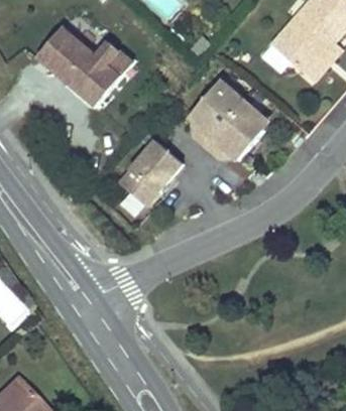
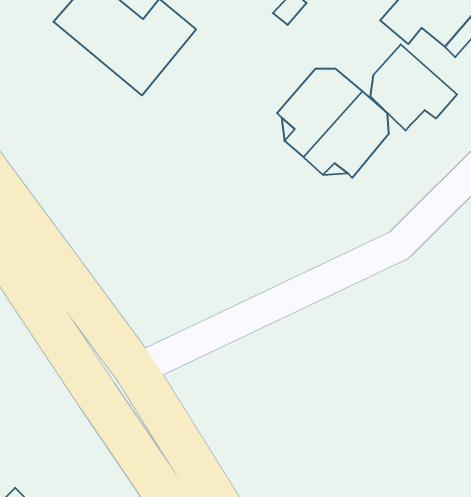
building: none -> [371,44,457,131]
building: [123,140,187,207] -> none

